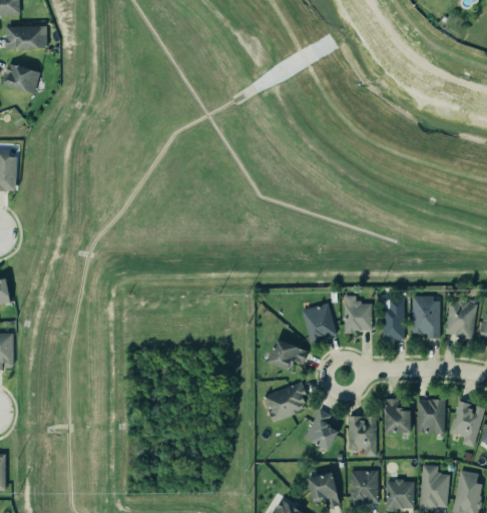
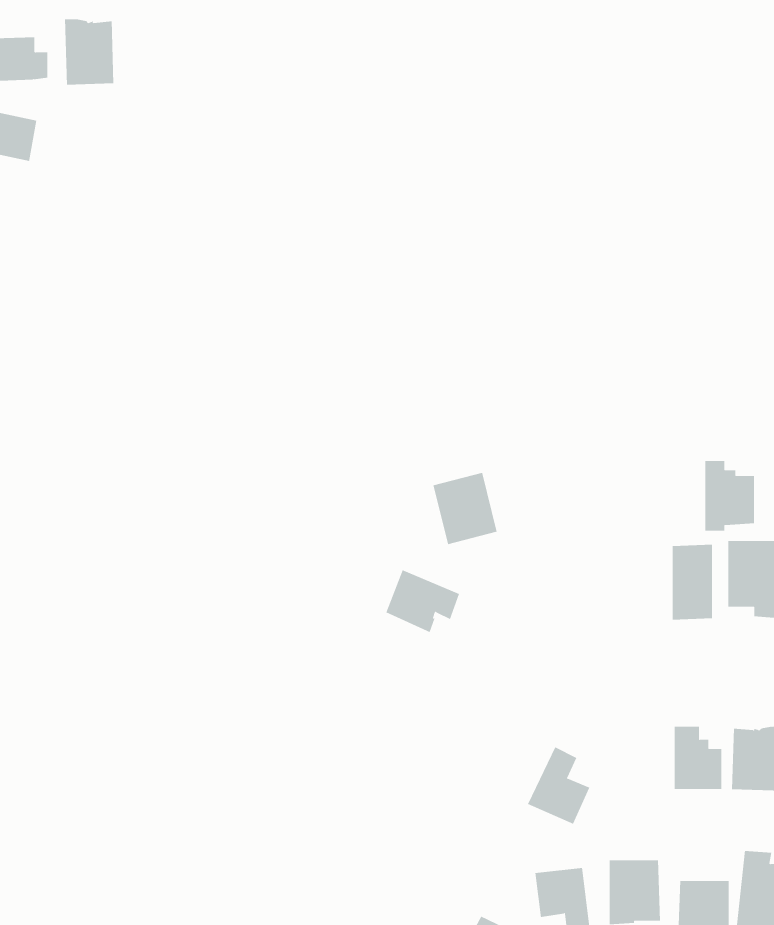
building: none -> [65,18,114,86]
building: [343,295,370,333] -> [705,460,755,531]
building: [302,304,337,343] -> [433,472,498,545]
building: [266,337,306,371] -> [386,570,460,633]
building: [265,383,310,423] -> none
building: [349,417,377,457] -> none

